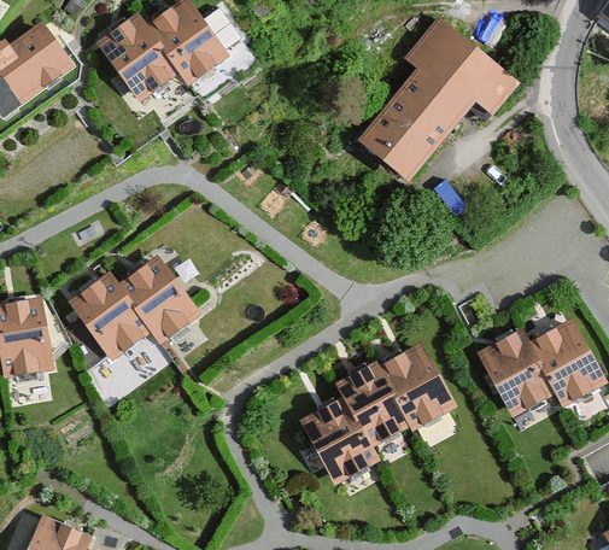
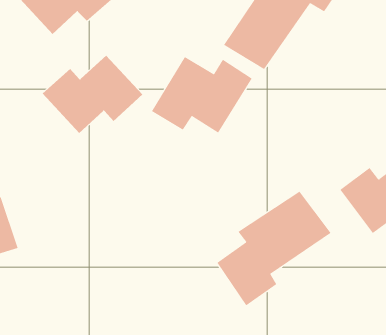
building: none -> [151,56,253,134]
building: [69,262,200,359] -> [42,55,143,134]

